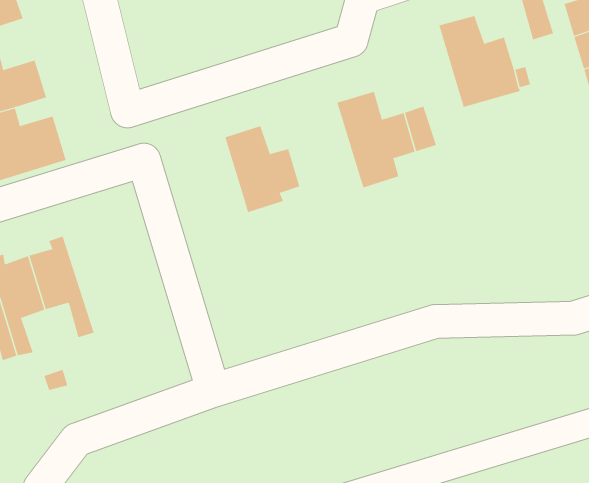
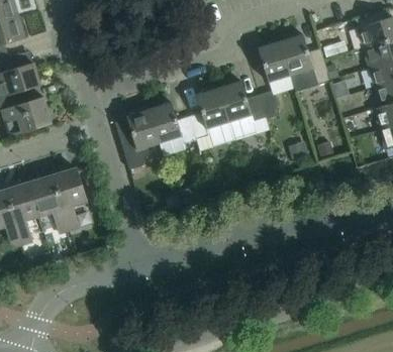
building: none -> [258,40,290,82]
building: none -> [188,88,233,146]
building: none -> [114,109,159,168]
building: none -> [50,166,86,229]

